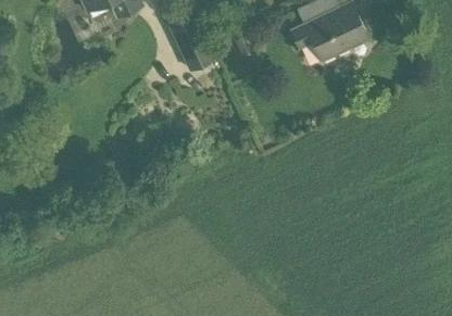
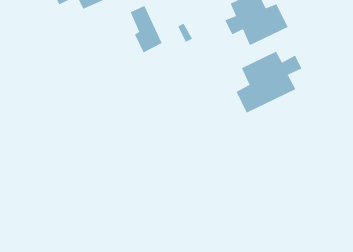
building: none -> [236,51,302,114]

